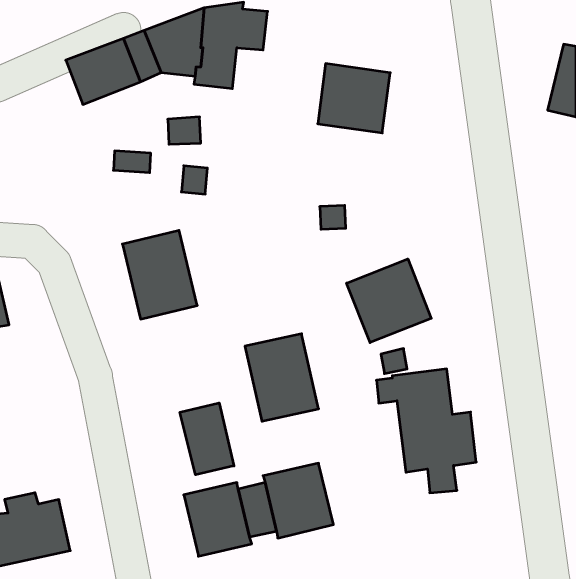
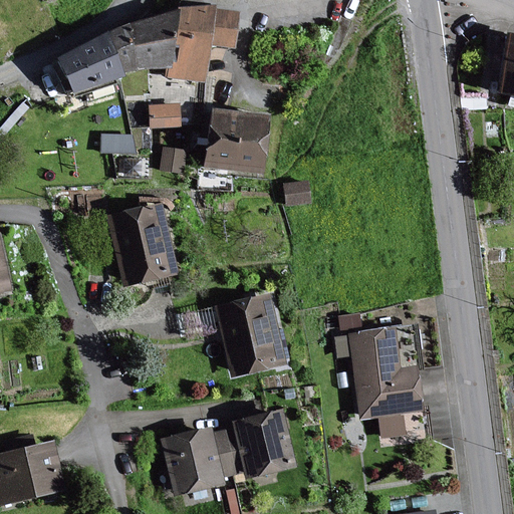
building: [318,64,390,133] -> [206,109,270,171]
building: [347,259,431,343] -> none
building: [180,403,234,475] -> none

